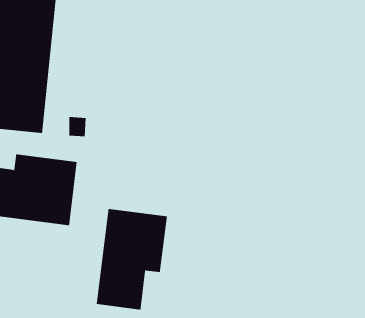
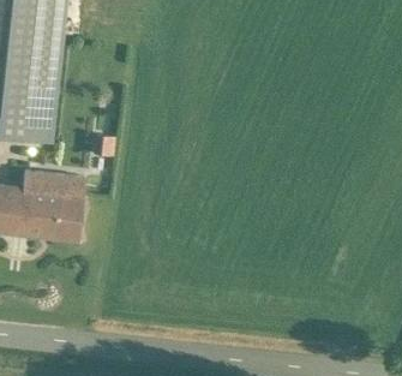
building: [96,208,167,311] -> none

